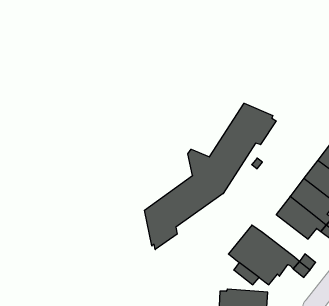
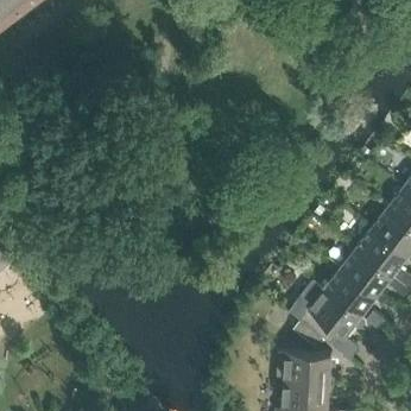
building: [145,103,276,250] -> none
building: none -> [327,268,378,316]

